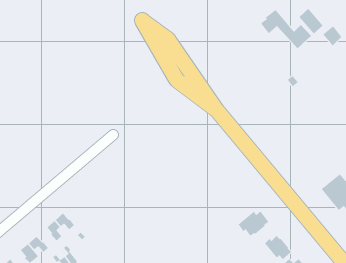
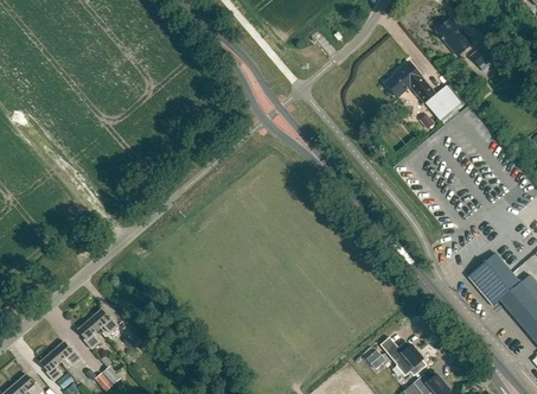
building: [260,9,312,49] -> [385,62,459,119]
building: [238,211,269,237] -> none

